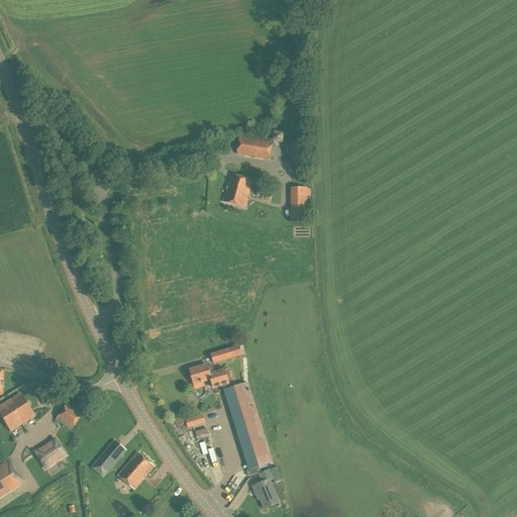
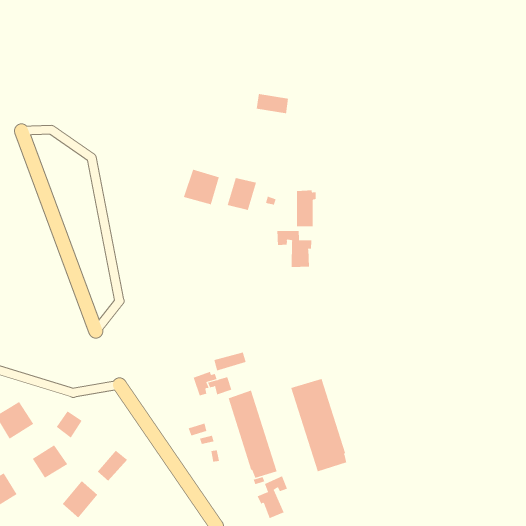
building: [237,137,270,158] -> [256,93,289,114]
building: none -> [183,169,219,205]
building: none -> [277,230,312,268]
building: none -> [291,378,347,472]
building: [117,451,152,489] -> [62,480,98,518]

